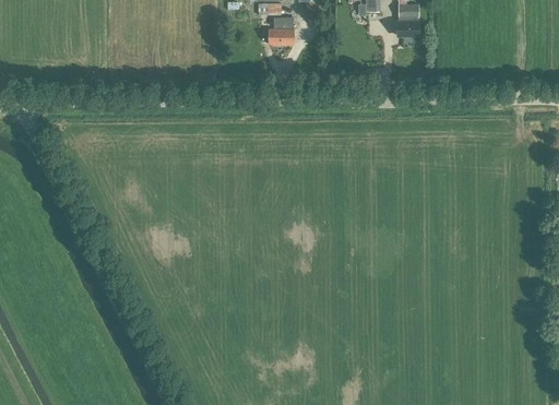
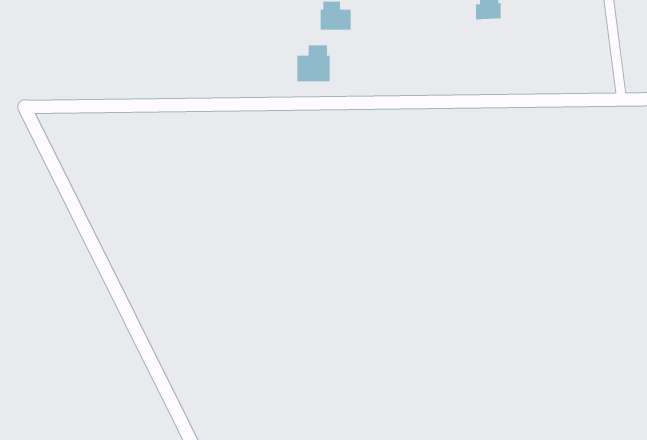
building: none -> [297,44,330,82]

